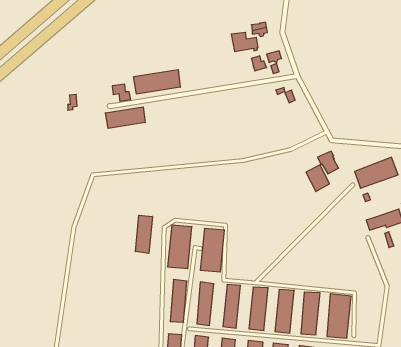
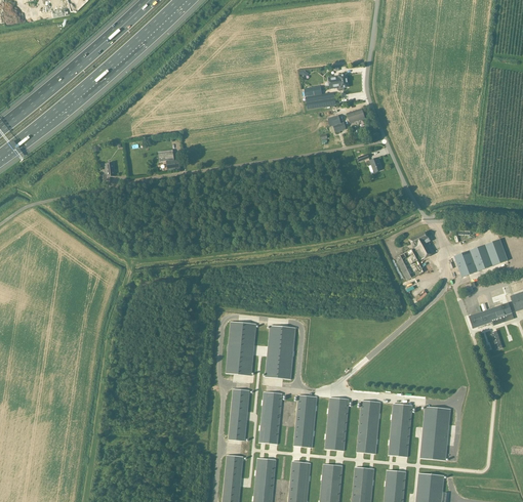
building: [134,70,180,94] -> none
building: [105,107,145,128] -> none
building: [135,215,152,253] -> none

